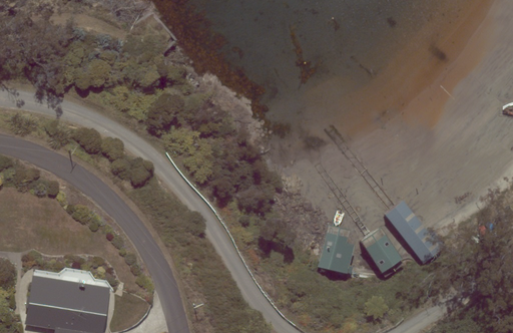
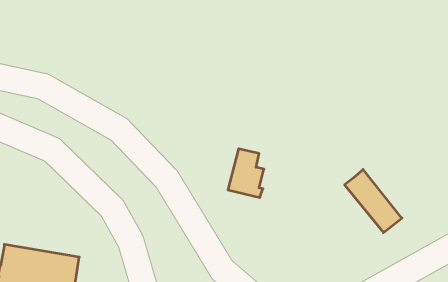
building: [318,225,355,275] -> [228,149,264,197]
building: [361,227,406,278] -> none

